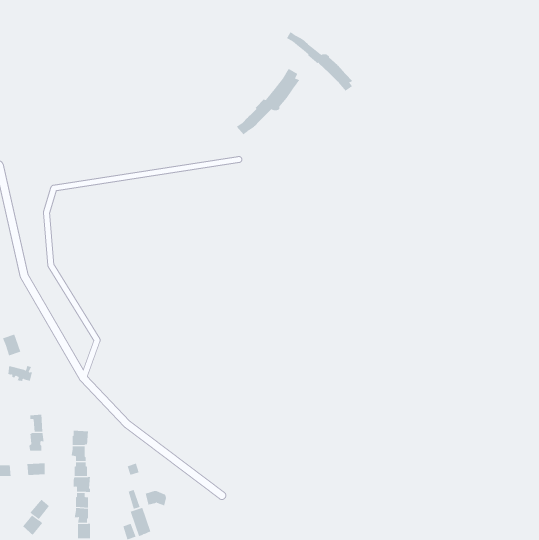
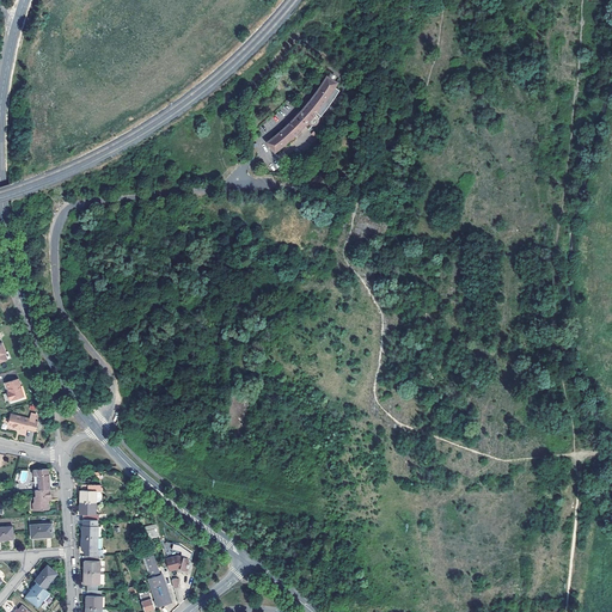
building: [286,31,353,92] -> none

